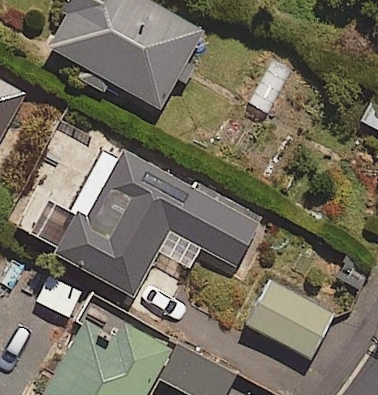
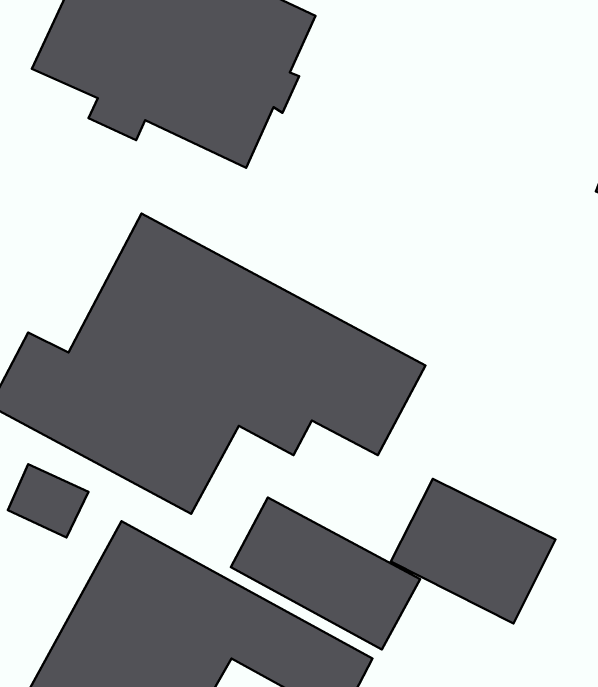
building: none -> [231,498,420,650]

